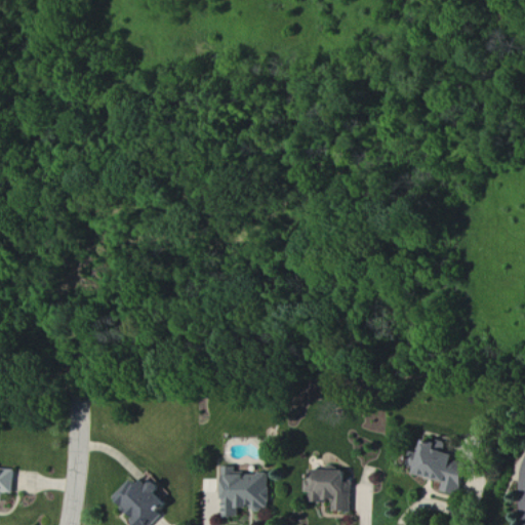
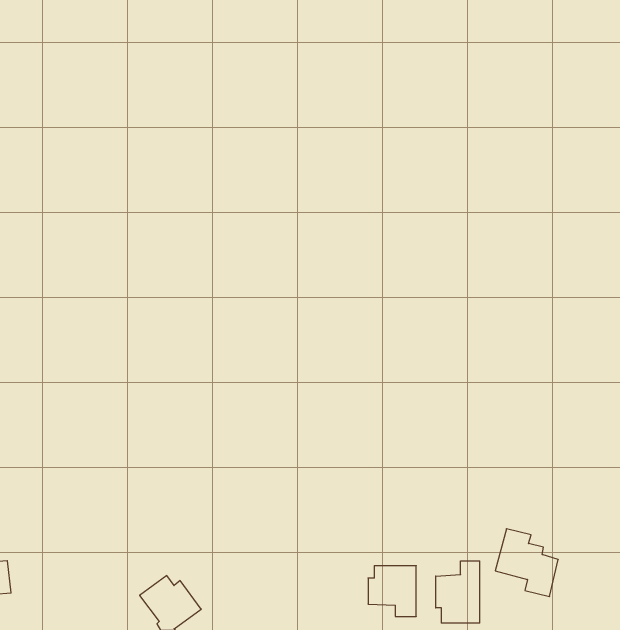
building: none -> [436,561,480,623]
building: [218,467,267,517] -> none

